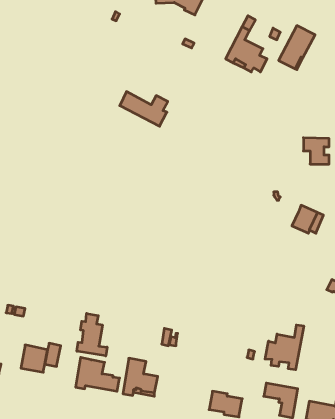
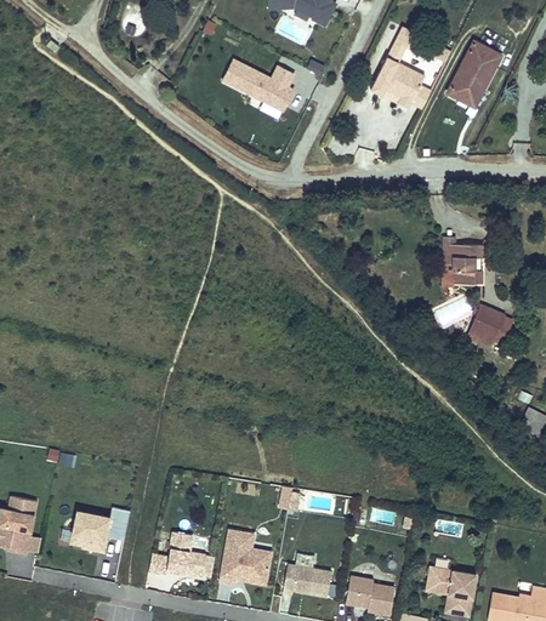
building: [120,92,168,126] -> [224,59,295,110]
building: [303,138,329,164] -> [444,244,482,283]
building: [77,313,107,356] -> none
building: [265,325,304,370] -> none
building: none -> [283,554,331,597]

